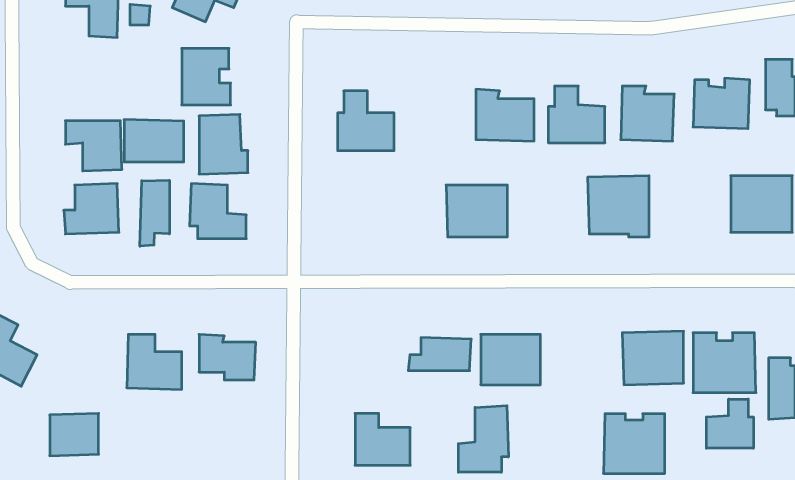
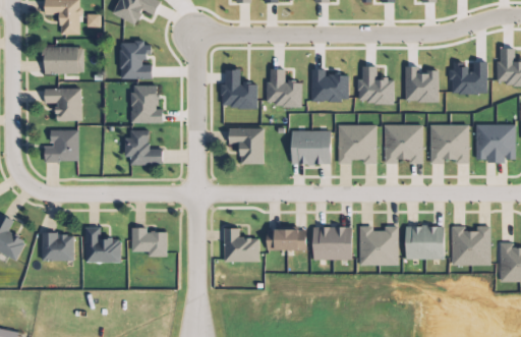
building: none -> [267,68,302,106]
building: [124,120,184,162] -> [44,46,82,73]
building: none -> [337,124,377,164]
building: none -> [429,124,469,164]
building: [140,180,169,246] -> none
building: none -> [229,128,264,164]
building: [706,399,753,448] -> none
building: [458,406,508,472] -> none
building: [50,413,99,456] -> [42,233,73,261]
building: [355,413,410,465] -> [224,228,259,262]
building: [603,414,665,473] -> [358,226,398,265]

